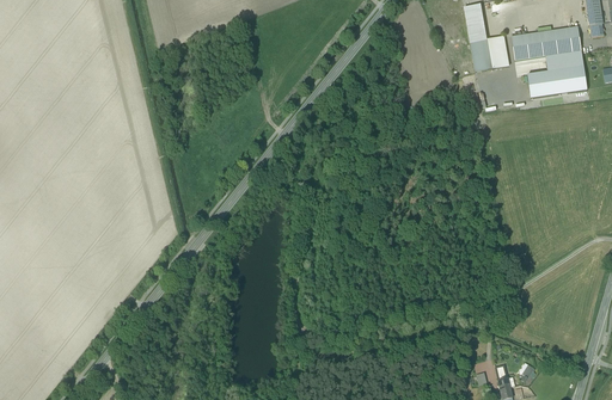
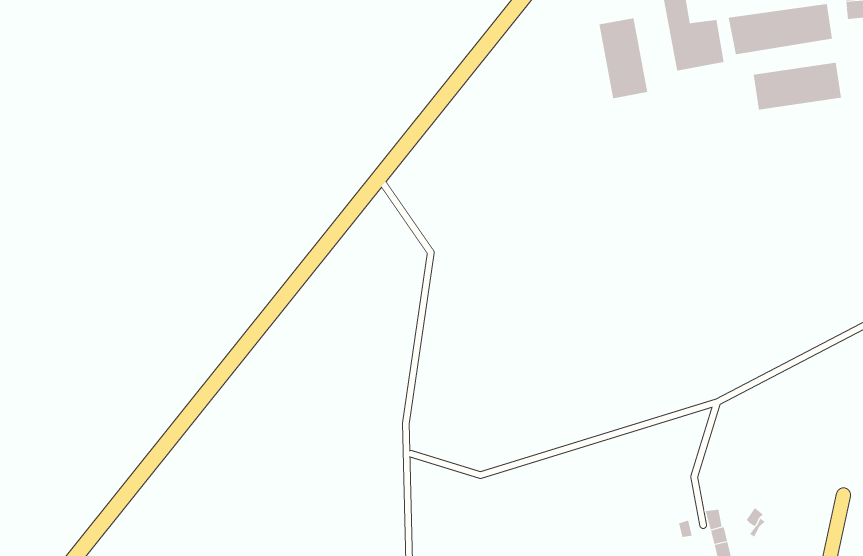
building: none -> [599,17,648,99]

